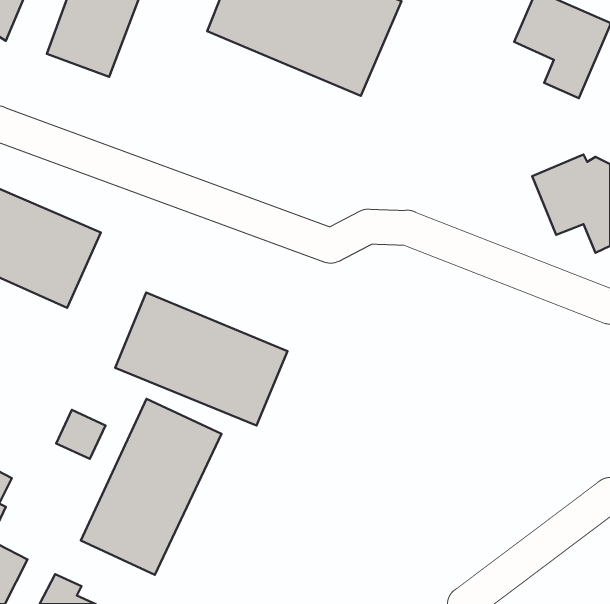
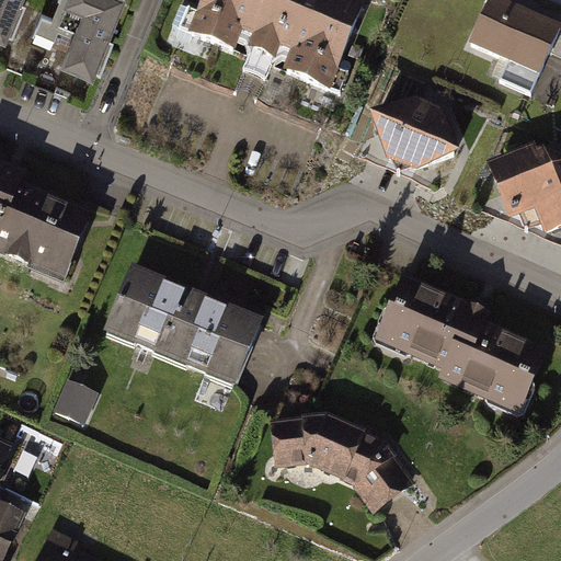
building: none -> [370,94,459,169]
building: none -> [375,277,553,416]
building: [81,399,222,575] -> none
building: none -> [270,410,414,508]

